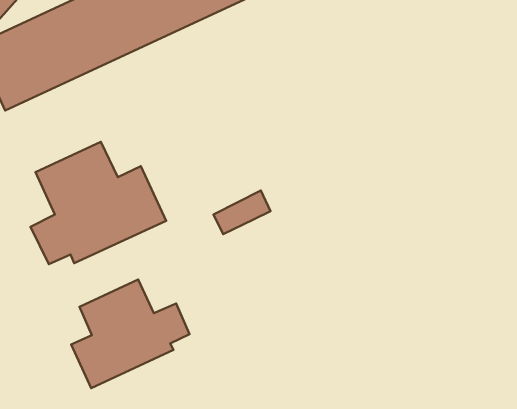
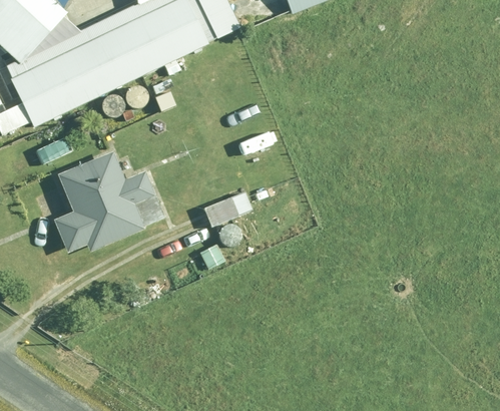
building: [71,279,190,388] -> none

